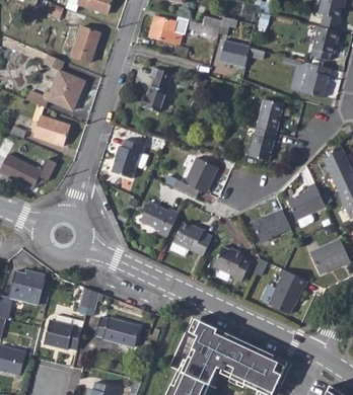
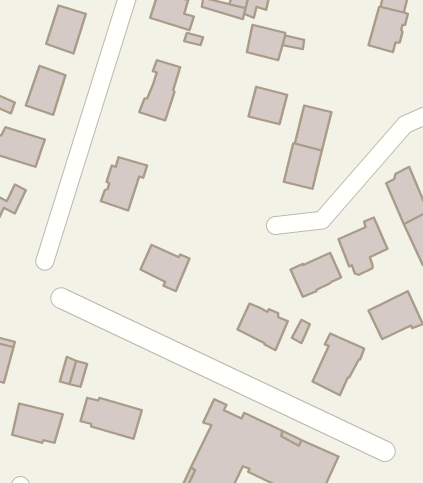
building: [301,64,329,98] -> none
building: none -> [248,87,287,124]
building: [172,158,217,199] -> none
building: [172,223,211,256] -> none

